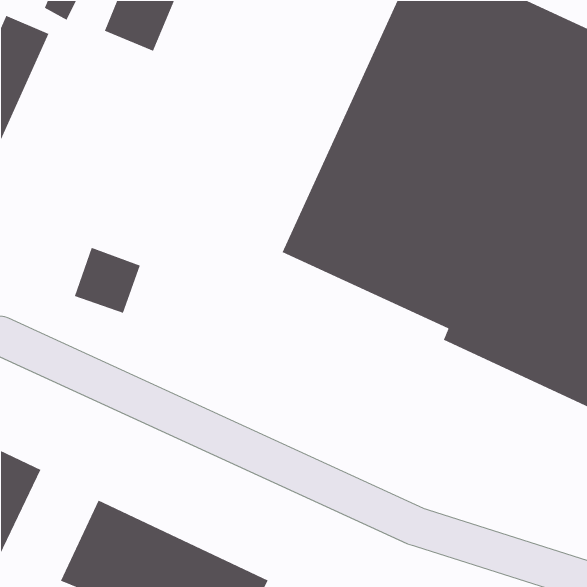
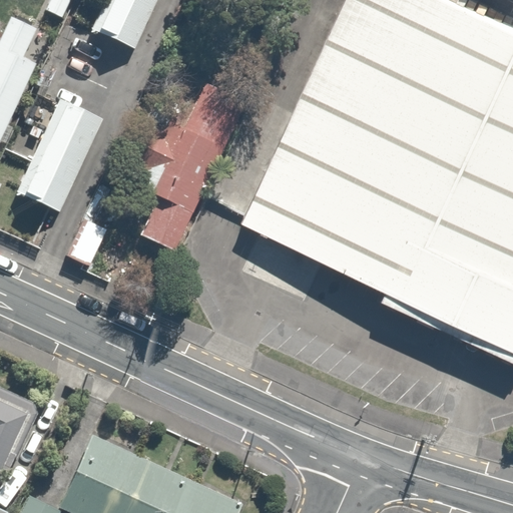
building: none -> [126,82,231,244]
building: none -> [14,96,104,212]

